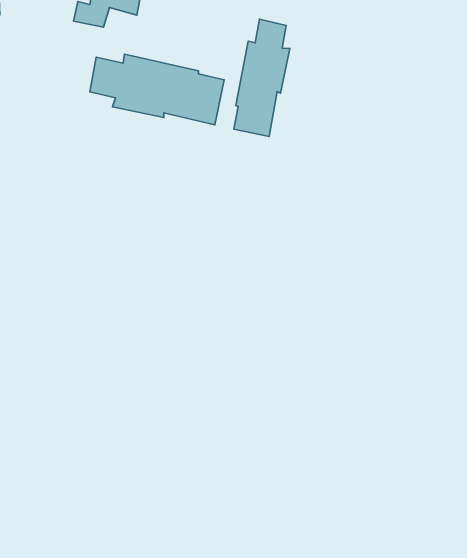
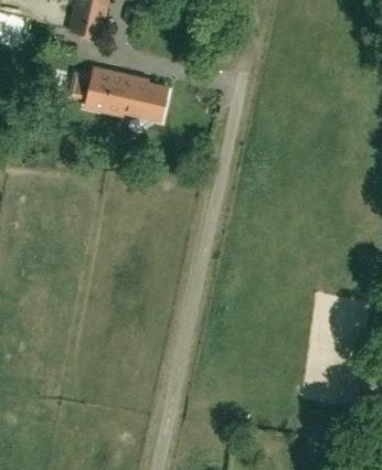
building: [234,19,290,137] -> none

